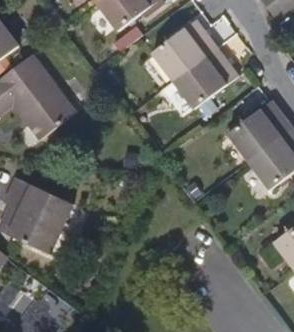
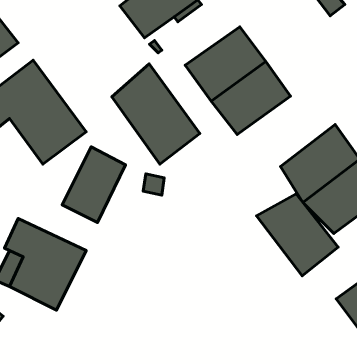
building: none -> [112,64,200,164]
building: none -> [62,147,125,222]
building: none -> [256,194,338,276]

